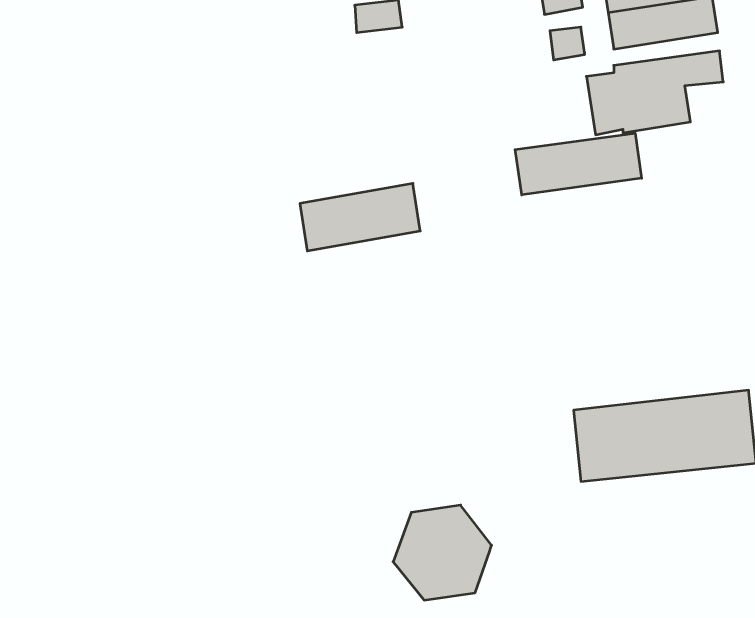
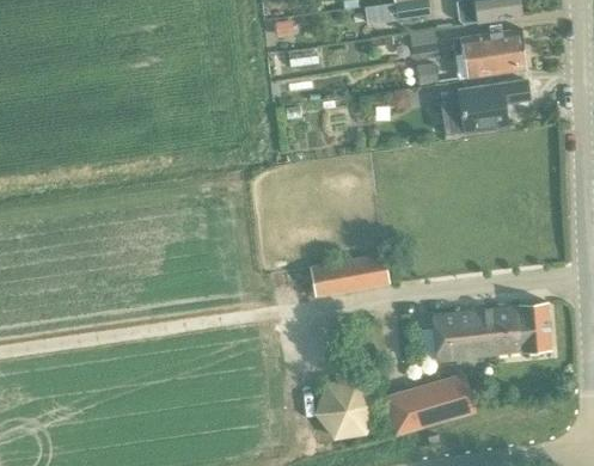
building: [515,133,642,195] -> none
building: [300,183,420,251] -> [310,253,388,298]
building: none -> [384,373,474,435]

